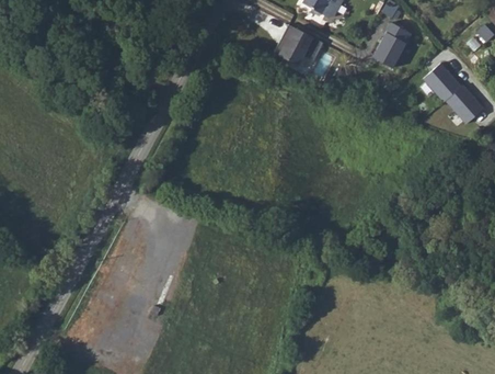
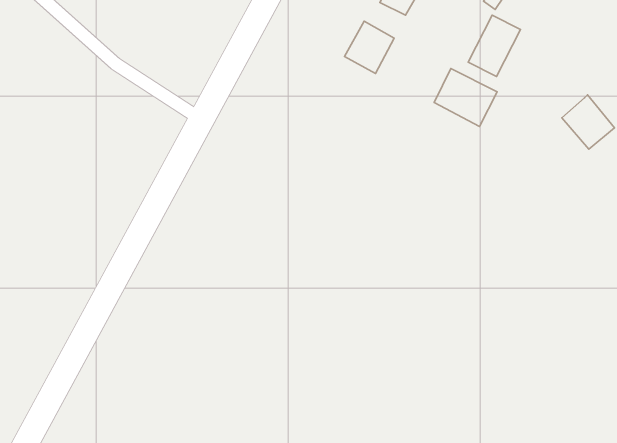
building: [422,61,461,101] -> none
building: none -> [434,69,497,127]

